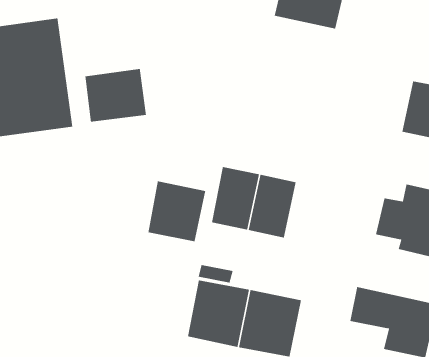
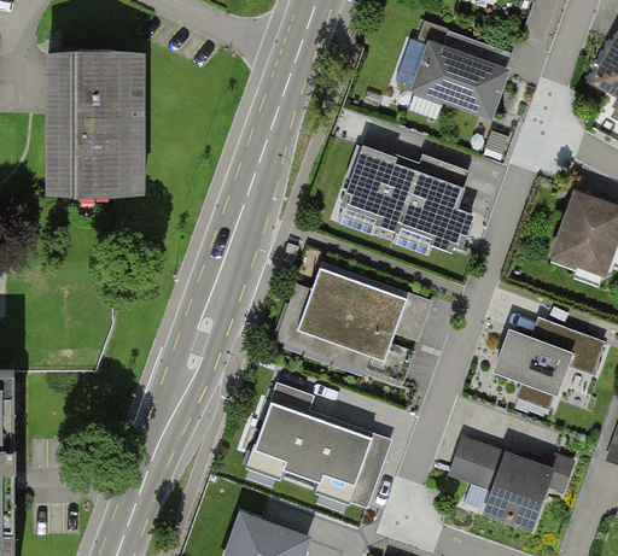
building: none -> [340,146,474,254]
building: [85,68,147,122] -> none
building: [148,181,206,242] -> none

